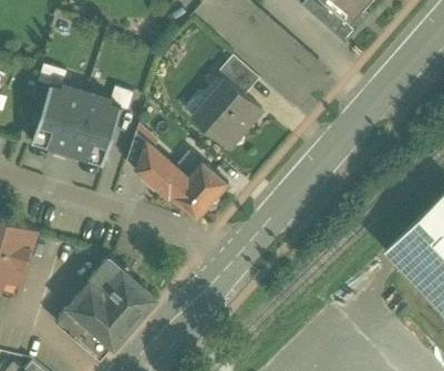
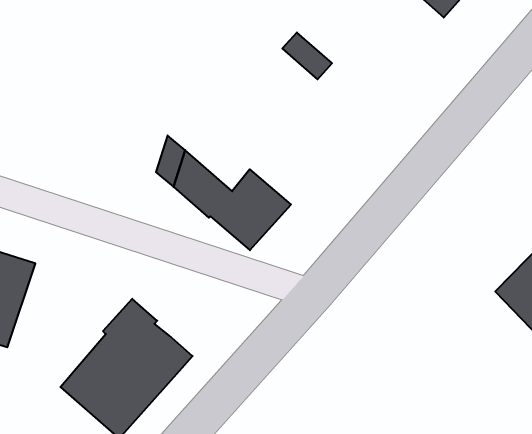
building: [194,80,262,148] -> none
building: [31,82,121,164] -> none

